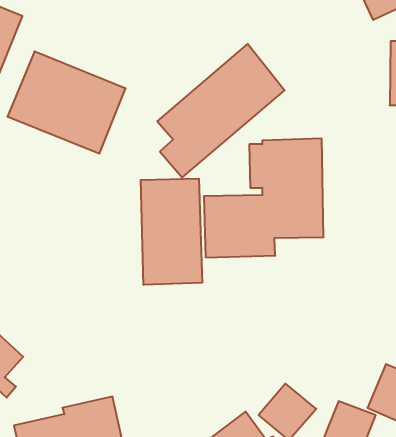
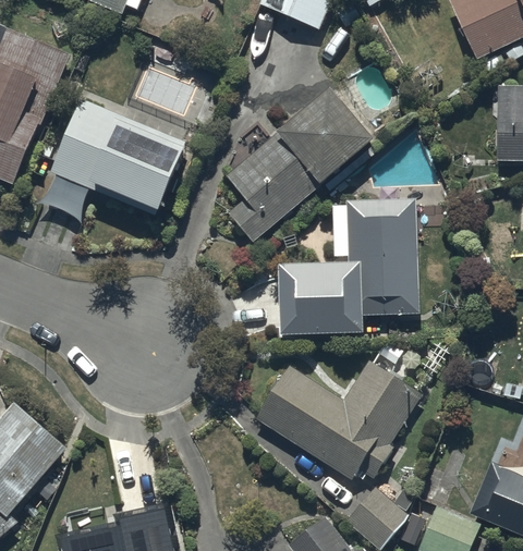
building: [141,179,202,285] -> none
building: none -> [254,362,423,482]

